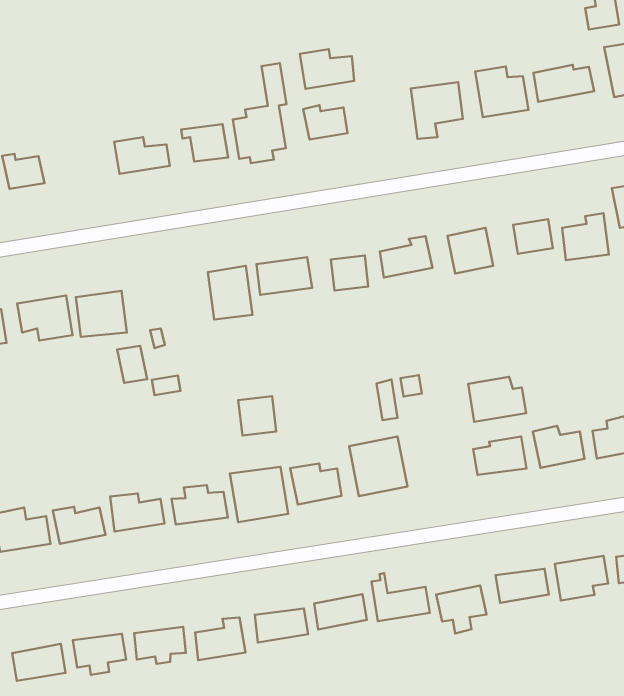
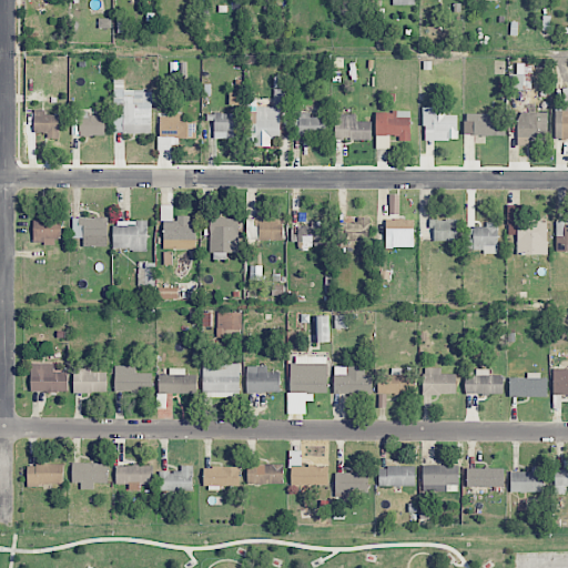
building: [300,49,354,89] -> [335,114,372,140]
building: none -> [112,79,151,133]
building: none -> [163,215,195,248]
building: [468,377,526,422] -> [334,366,372,394]

